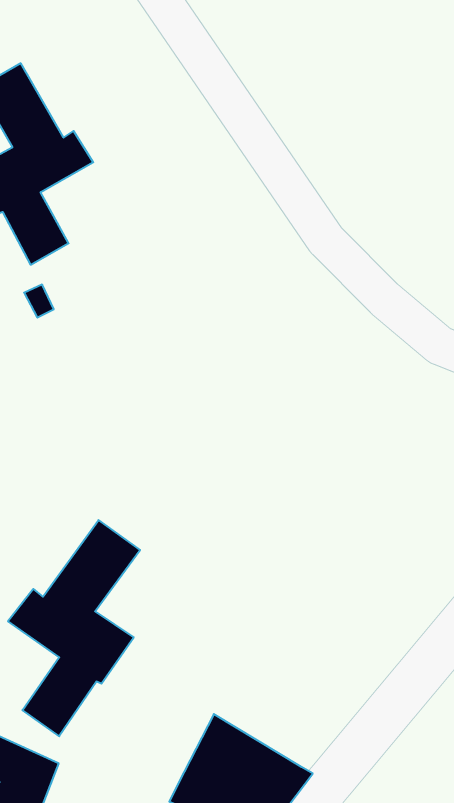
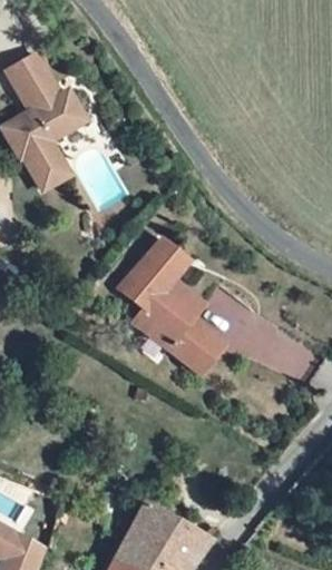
building: none -> [113,238,215,375]
building: [8,520,140,736] -> none

